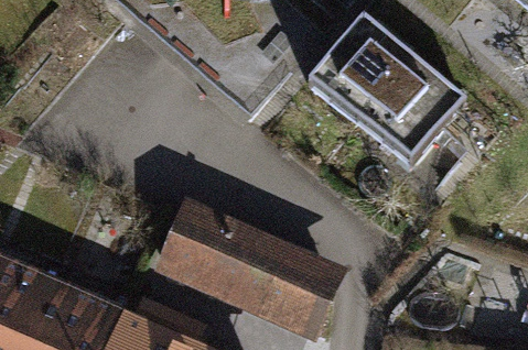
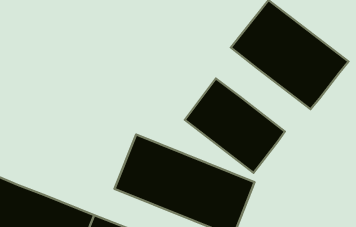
building: none -> [185,78,285,173]

